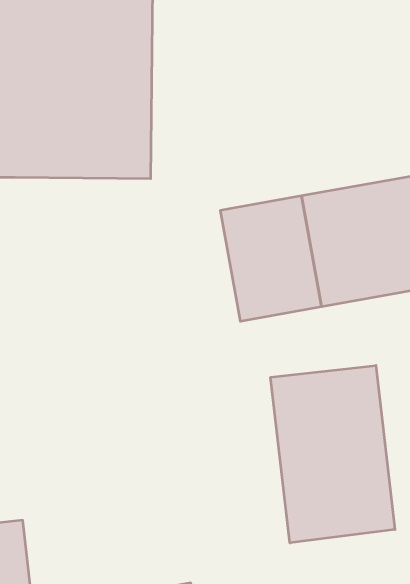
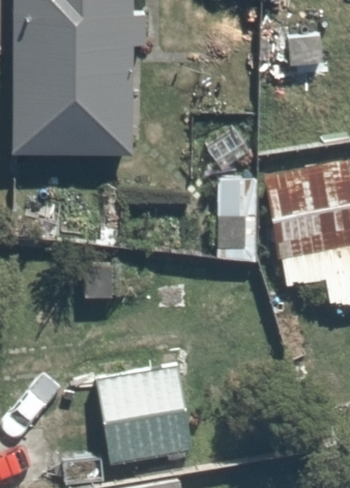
building: [271,365,395,543] -> none
building: none -> [92,349,184,467]

